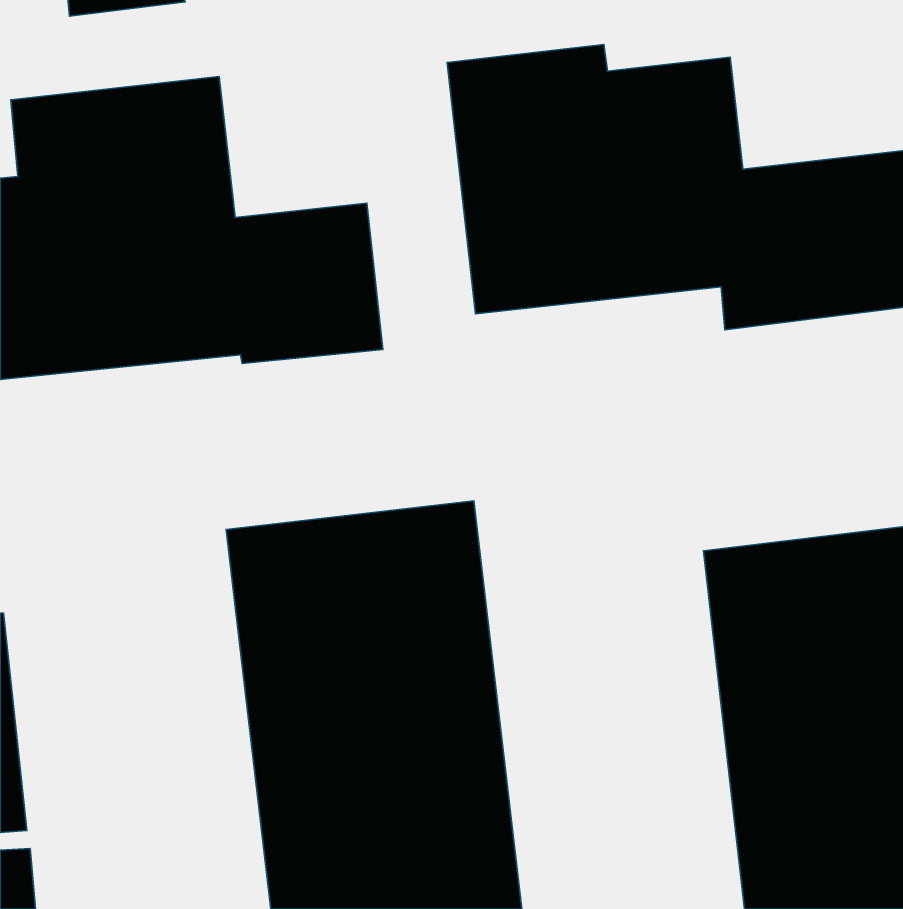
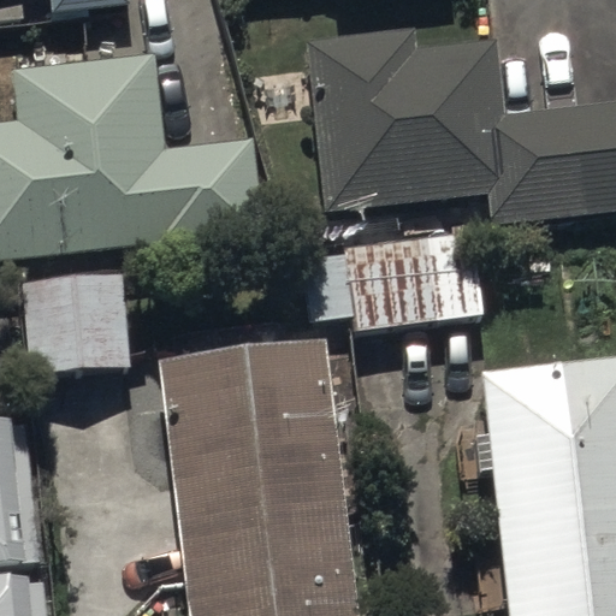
building: none -> [345,232,484,330]
building: none -> [23,273,130,374]

